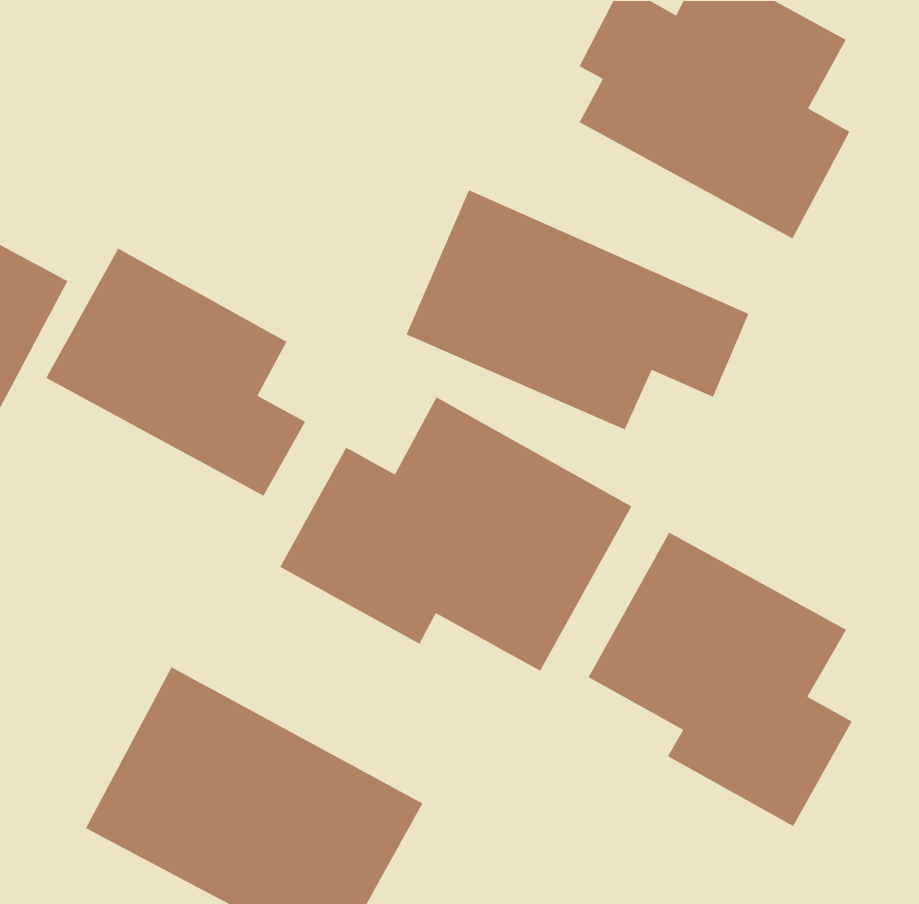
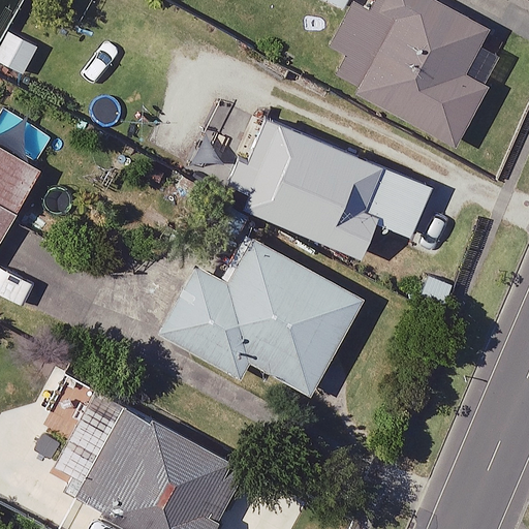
building: [45,248,306,497] -> none
building: [588,531,853,827] -> none

